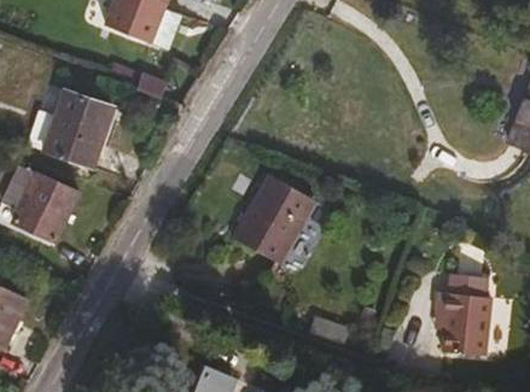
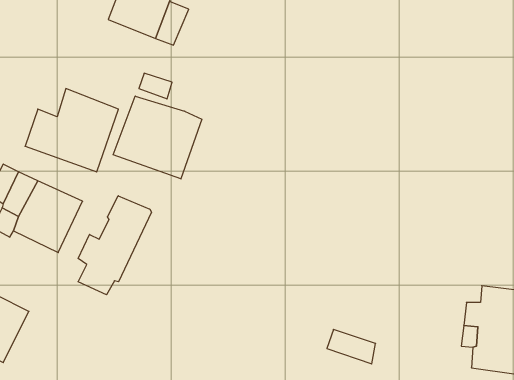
building: none -> [113,96,202,179]
building: [238,175,318,262] -> none
building: none -> [78,196,151,295]

